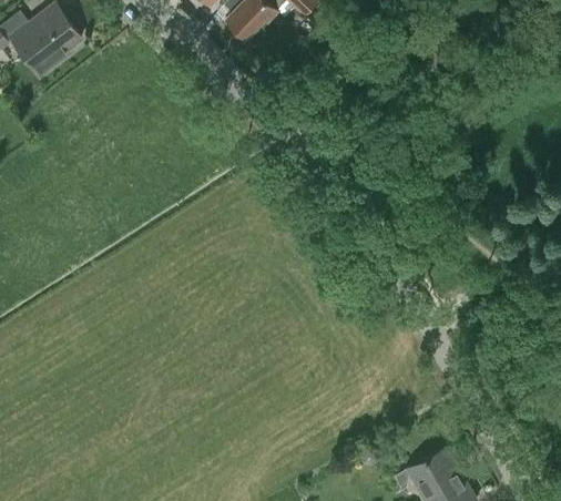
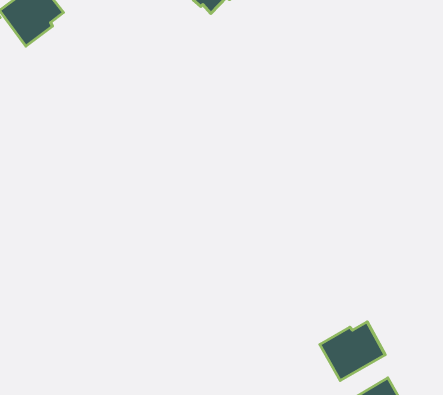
building: none -> [320,322,385,380]

